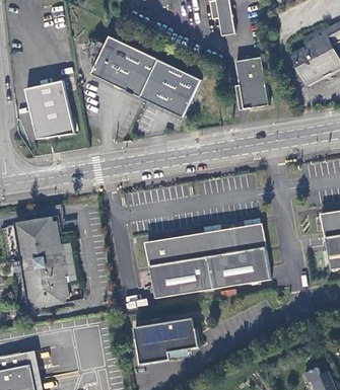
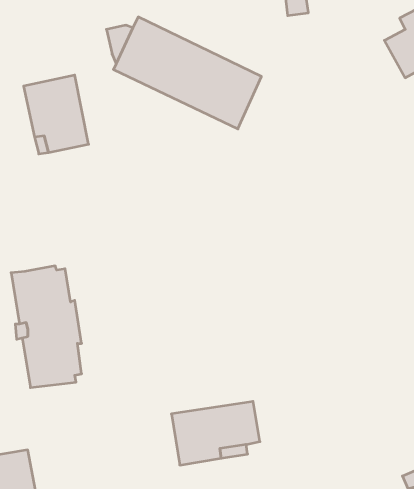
building: [234,56,268,107] -> none
building: [147,227,269,297] -> none

